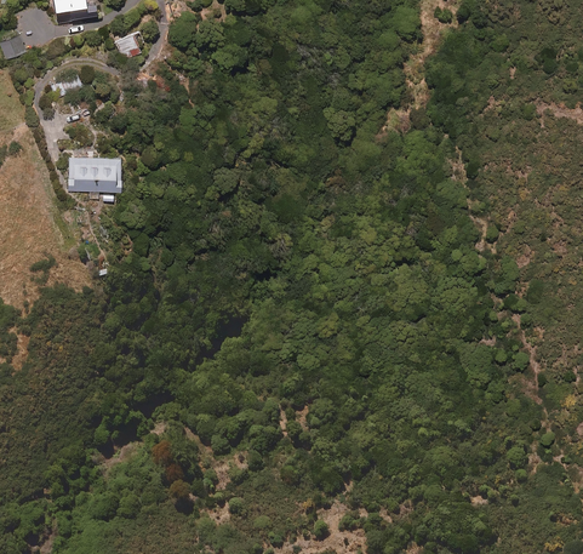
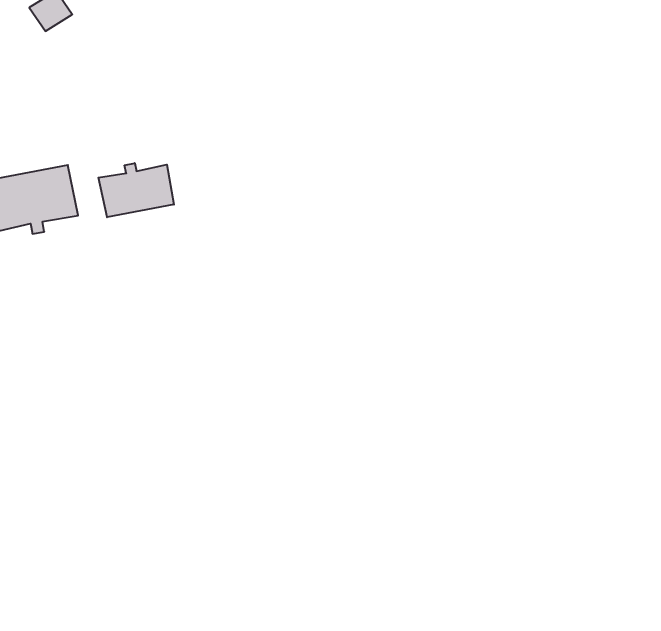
building: none -> [98,163,174,217]

